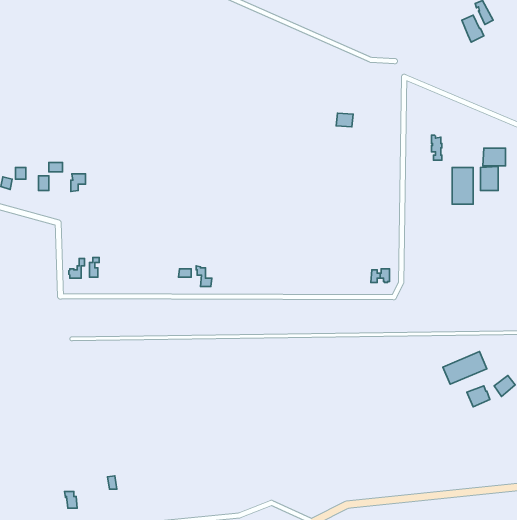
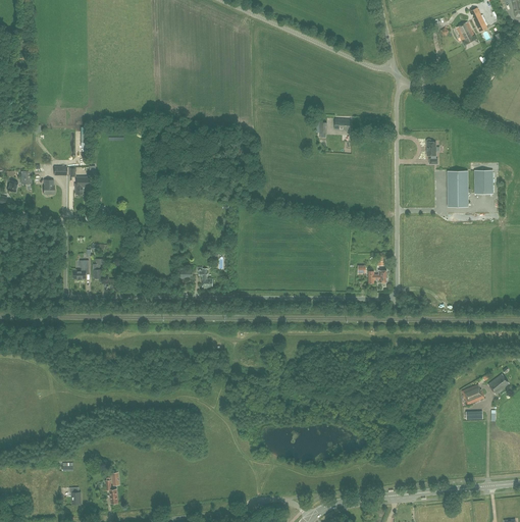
building: [483,148,505,166] -> none
building: [443,351,487,384] -> none

